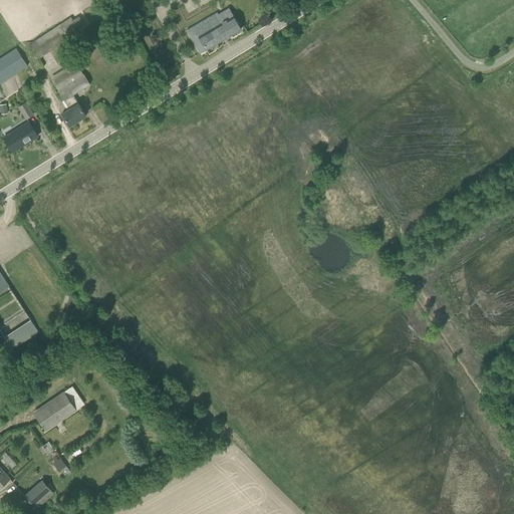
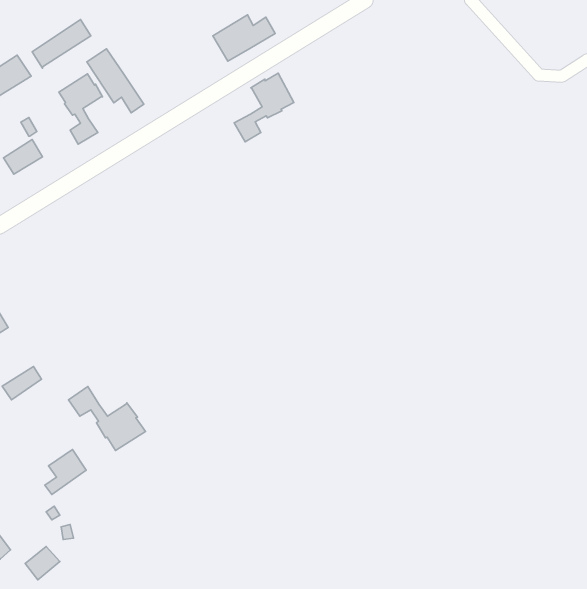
building: none -> [87,49,144,113]
building: none -> [234,73,294,142]
building: none -> [68,386,145,450]

